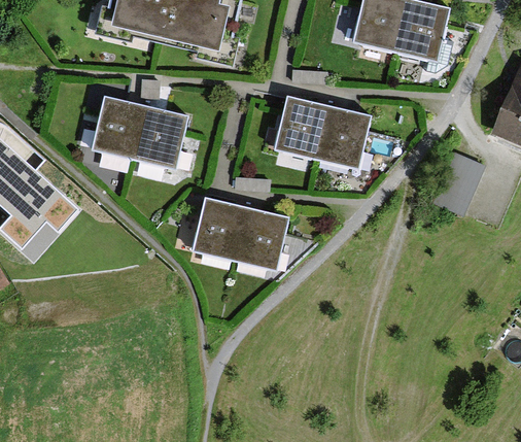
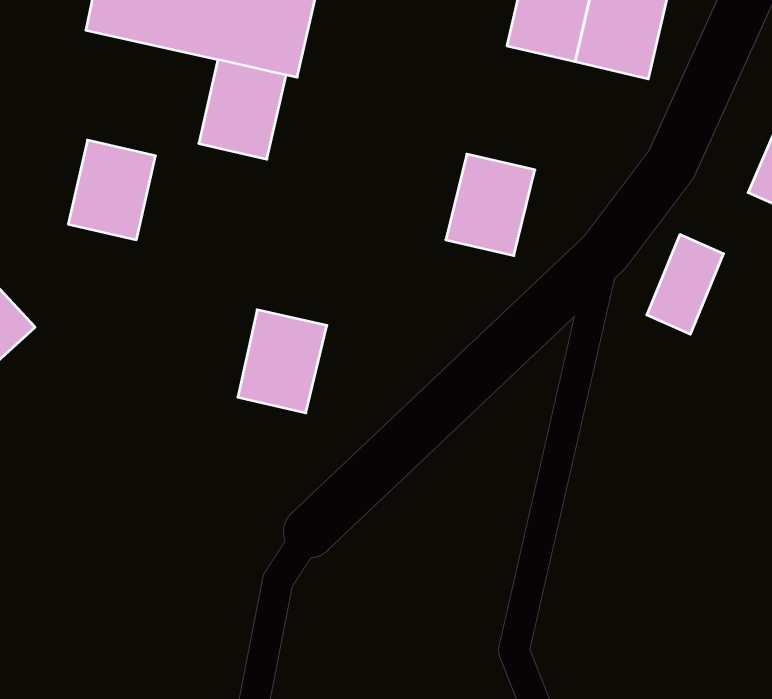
building: [276,96,328,156] -> none
building: [134,106,185,165] -> [199,60,286,159]
building: [234,206,287,267] -> none

